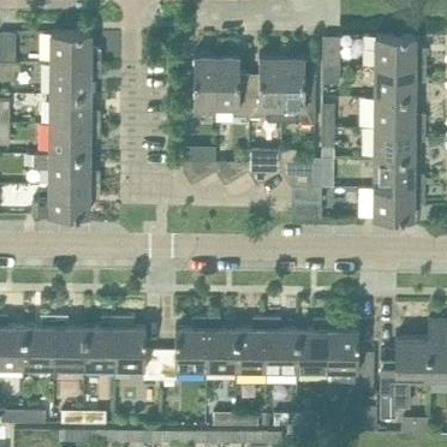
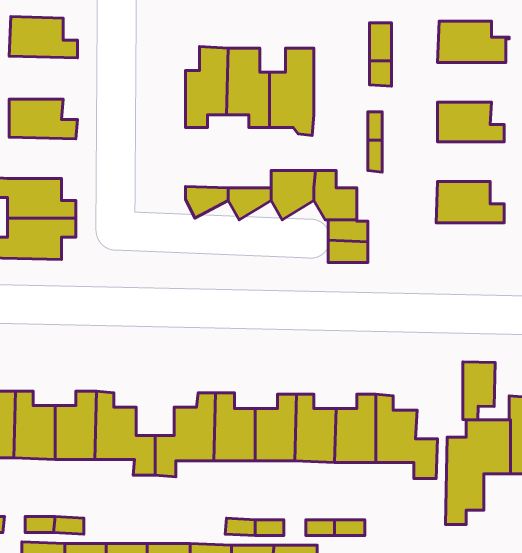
building: [279,58,315,126] -> none
building: [49,64,101,96] -> none
building: [374,68,425,99] -> none
building: [48,125,100,156] -> none
building: [374,129,424,159] -> none
building: [372,190,424,221] -> none
building: none -> [463,362,495,420]

